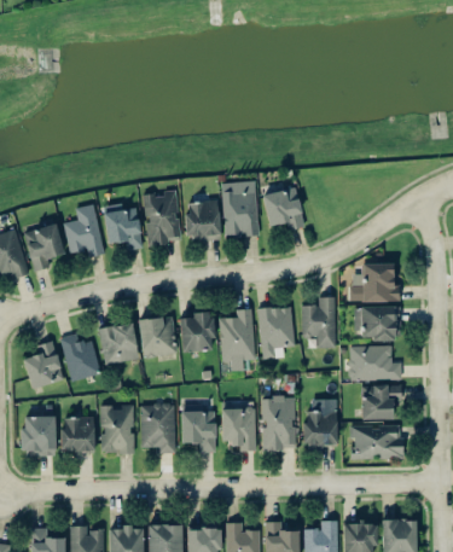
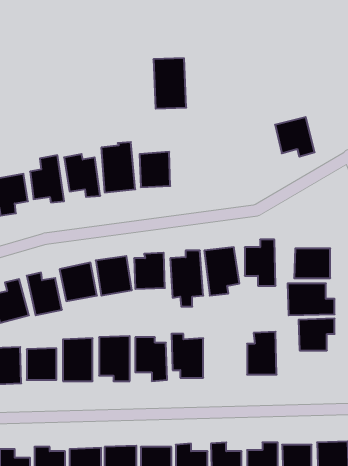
building: [222,181,259,237] -> [153,58,186,109]
building: [262,187,306,231] -> [275,117,315,157]
building: [350,263,400,302] -> none
building: [262,396,296,449] -> none
building: [350,424,402,459] -> none

